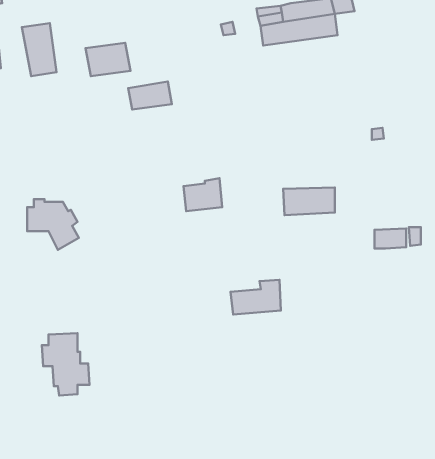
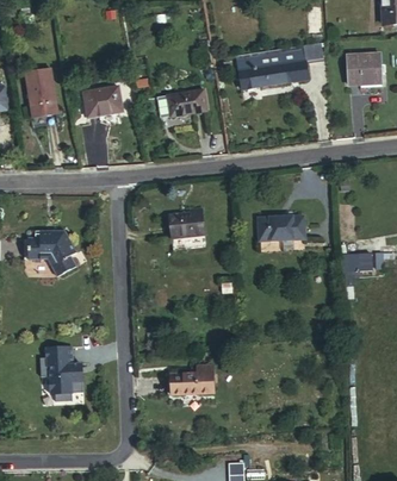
building: none -> [347,52,382,83]
building: [128,82,172,109] -> [167,89,206,114]
building: [230,280,281,314] -> [167,367,212,398]

